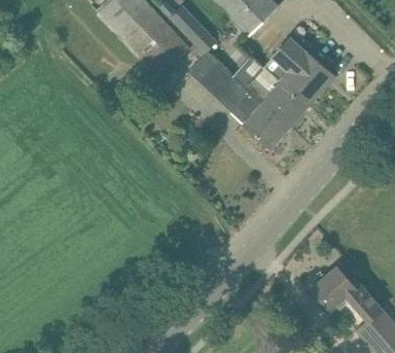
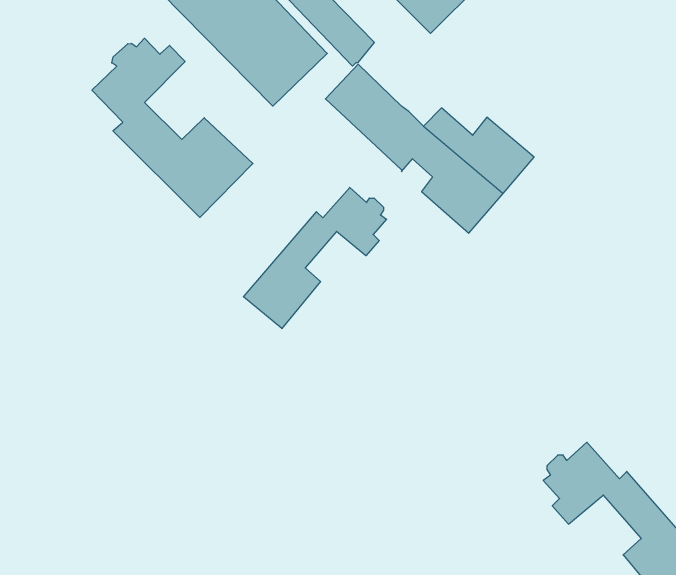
building: none -> [92,38,253,217]
building: [263,38,333,105] -> none
building: none -> [243,187,387,329]

